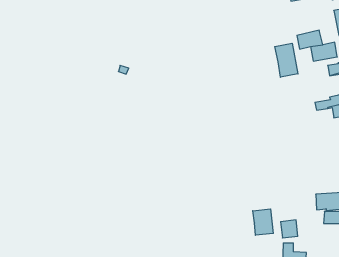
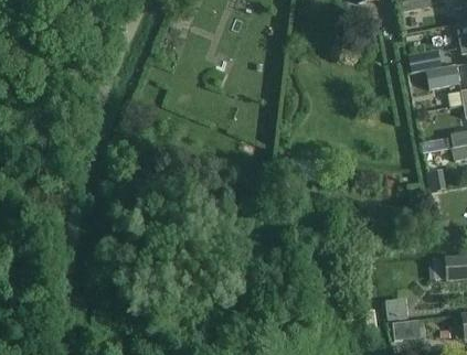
building: [275,43,298,77] -> none
building: [253,209,273,235] -> none

